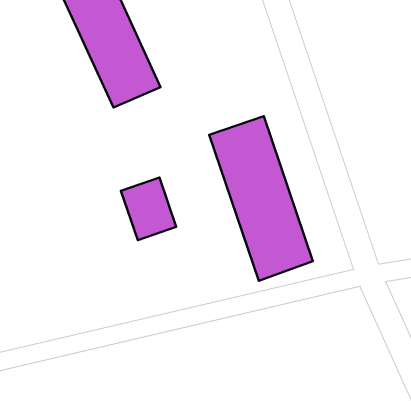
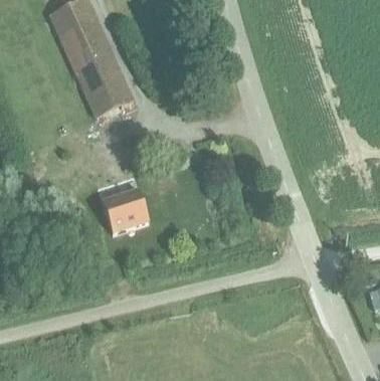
building: [209,116,313,281] -> none

